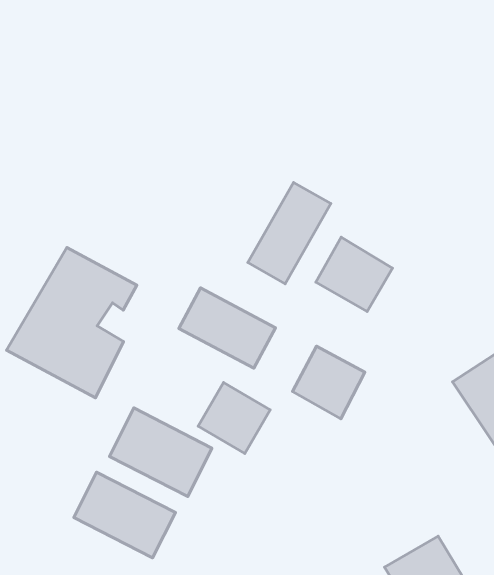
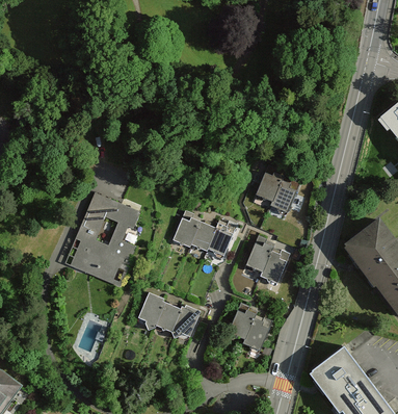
building: [248,183,331,284] -> none
building: [198,383,270,453] -> [230,308,274,352]
building: [74,472,175,558] -> none

